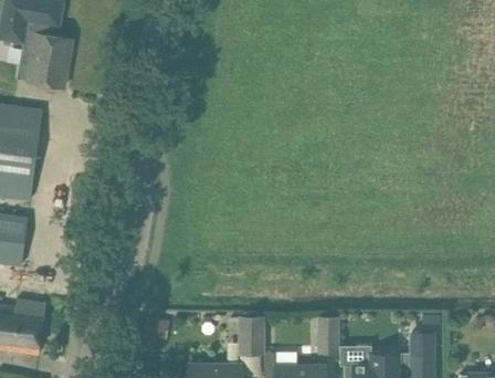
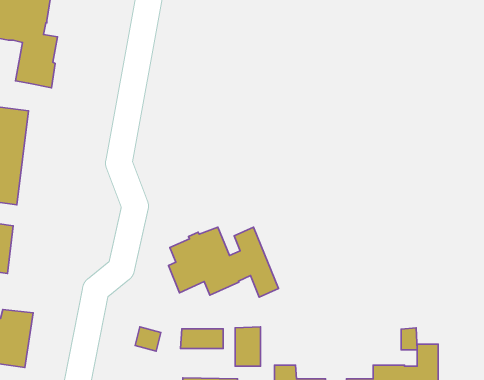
building: none -> [168,227,279,297]
building: [318,318,338,354] -> none
building: none -> [180,329,223,348]

